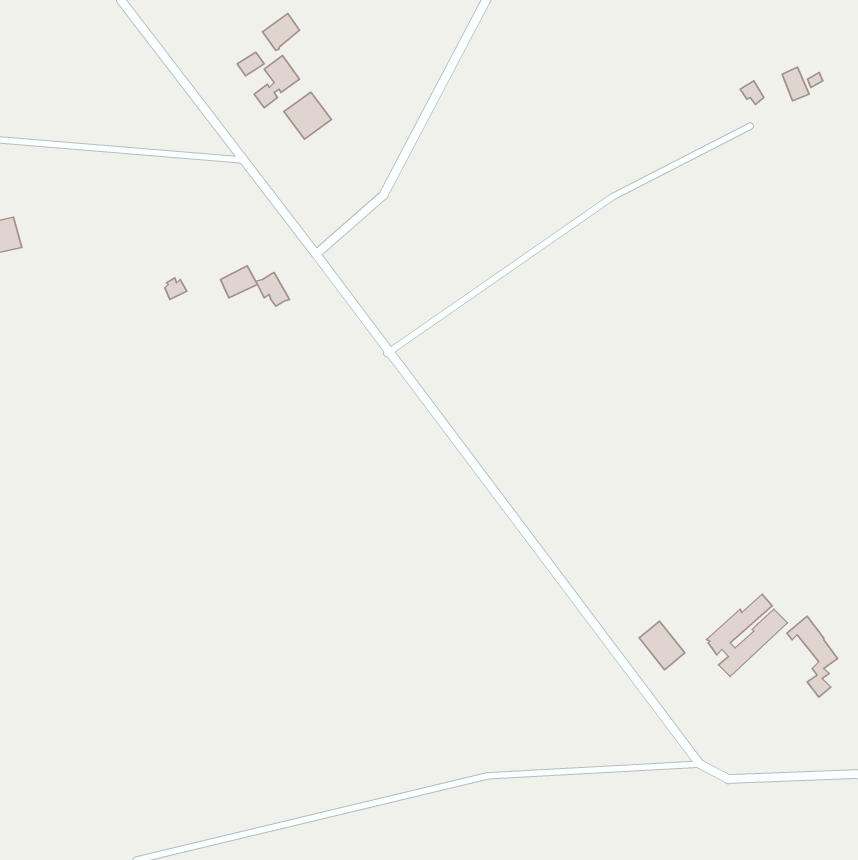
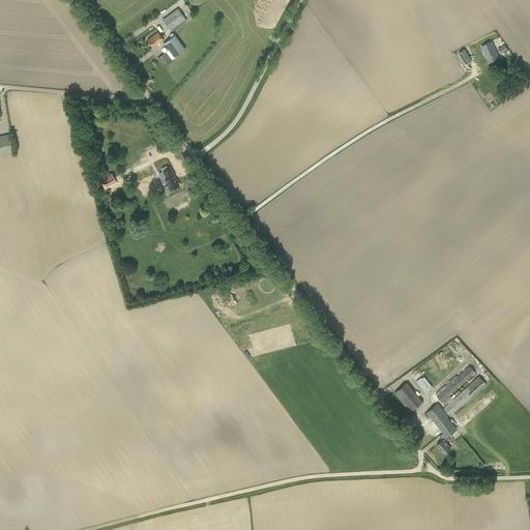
building: [284,92,331,139] -> none
building: [787,616,837,697] -> [423,404,454,453]

